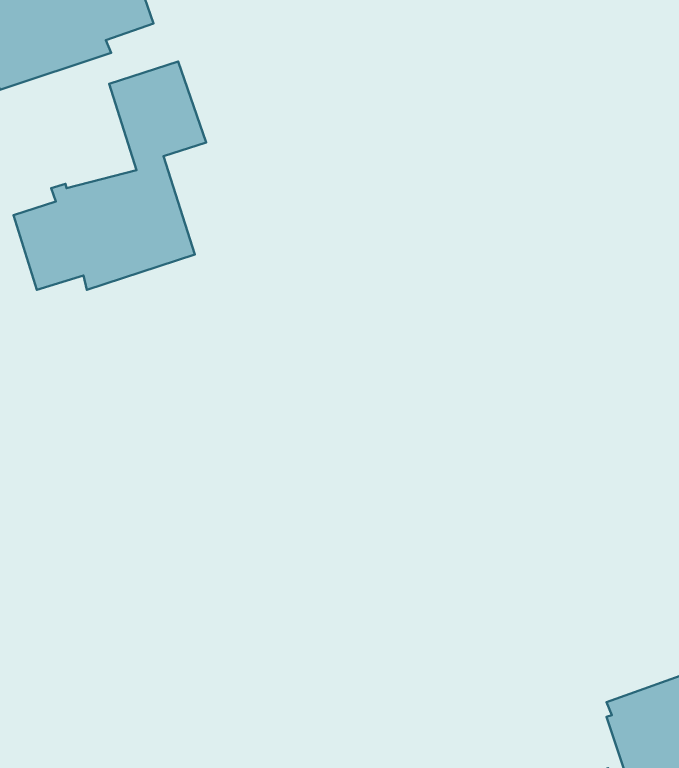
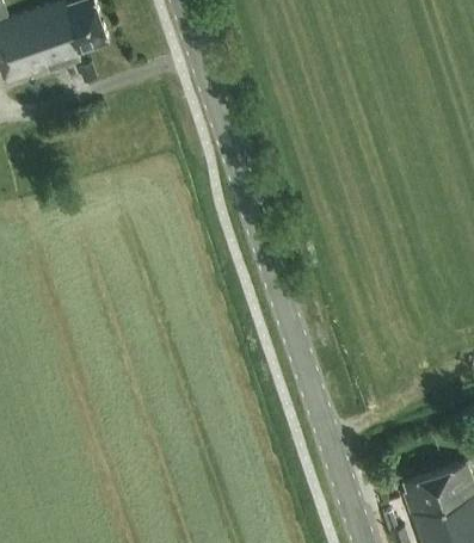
building: [13,62,206,290] -> none

